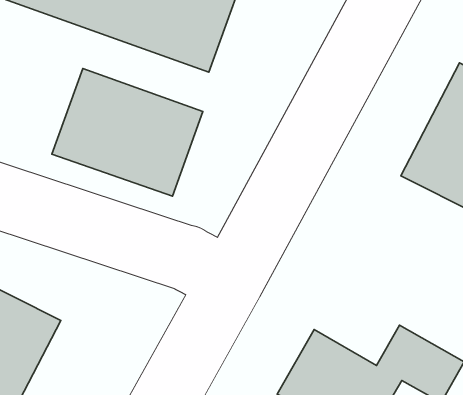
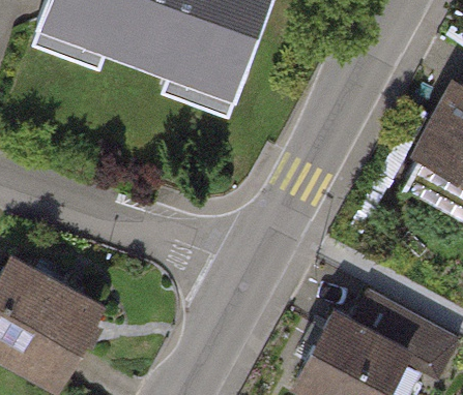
building: [52,69,203,196] -> none

